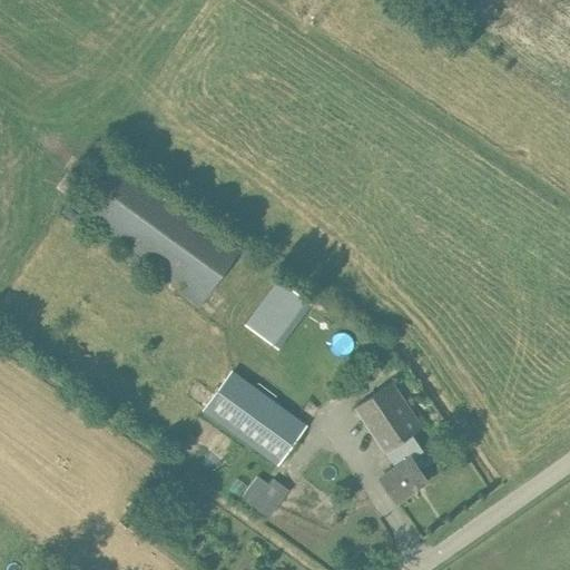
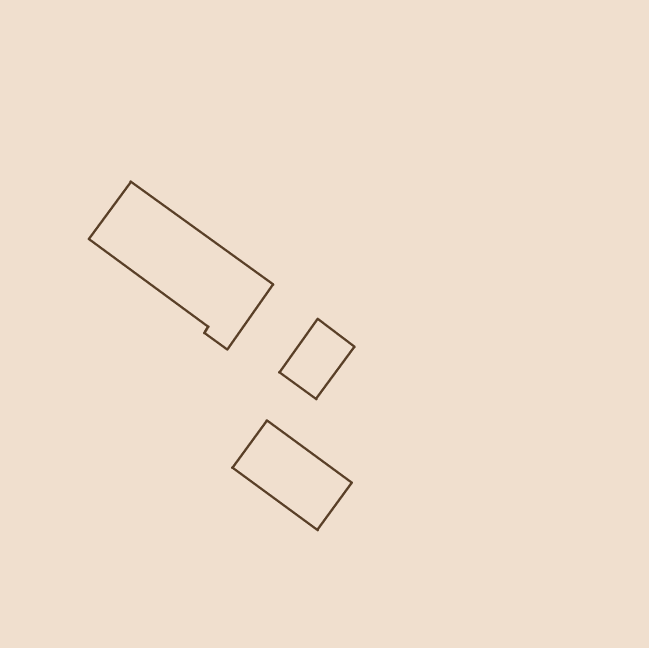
building: [354,383,426,503] -> none
building: [242,476,288,518] -> none

